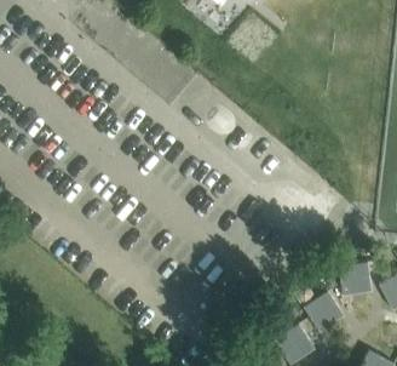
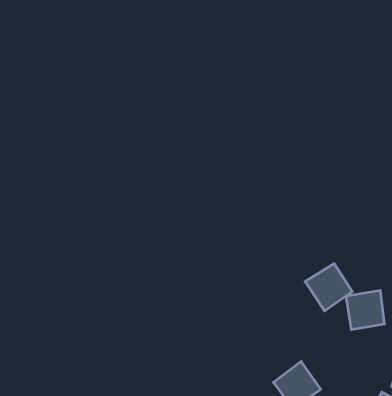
building: [301,291,343,332] -> [305,264,352,311]

